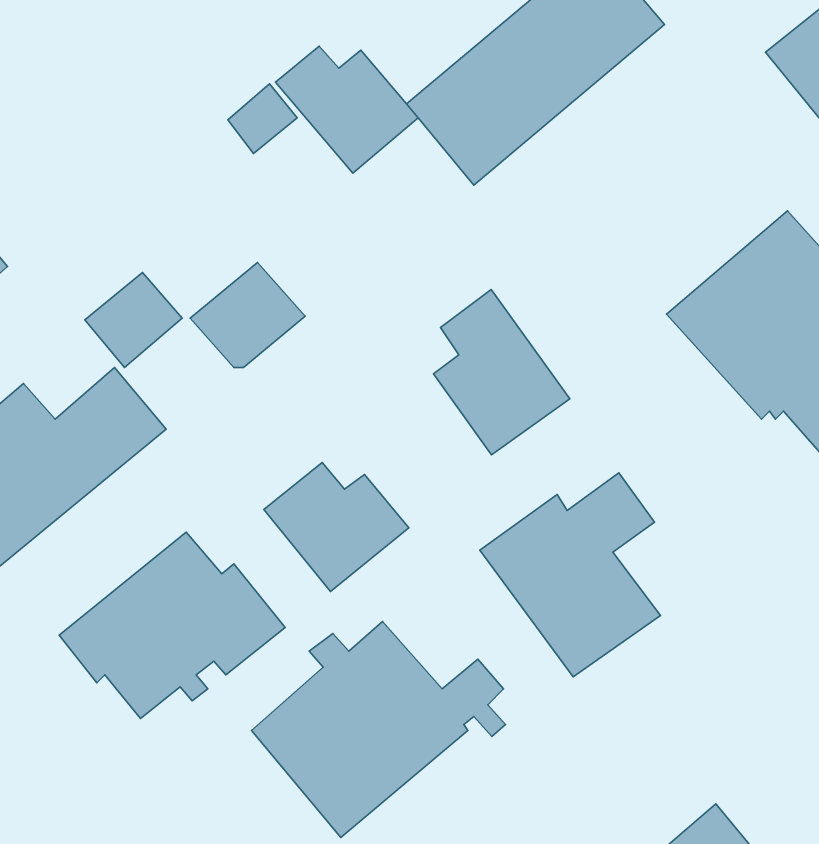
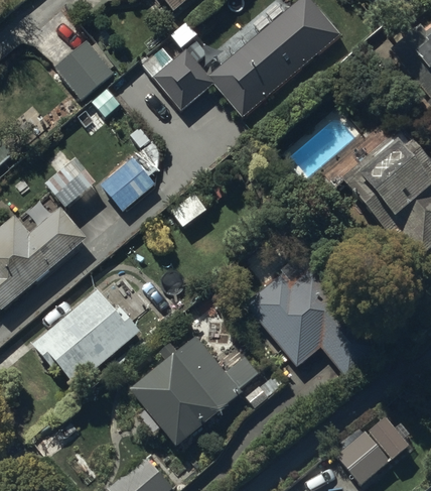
building: none -> [54,40,113,98]
building: [434,290,570,455] -> none
building: [264,463,409,592] -> none

